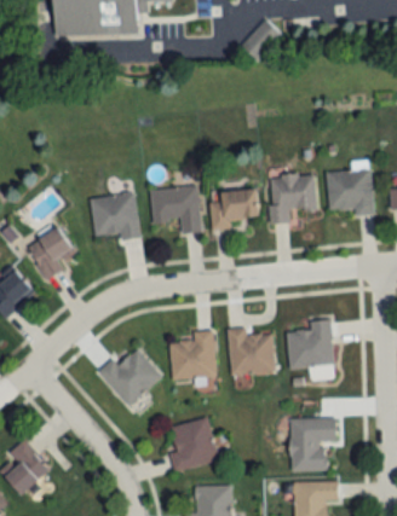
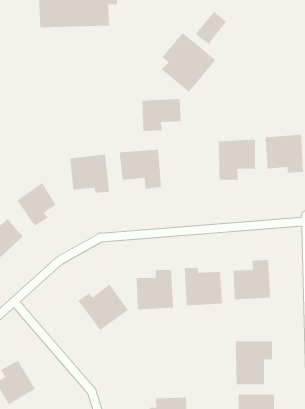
building: none -> [161,32,216,93]
building: [211,190,259,230] -> [142,98,182,132]
building: [167,417,219,470] -> none

